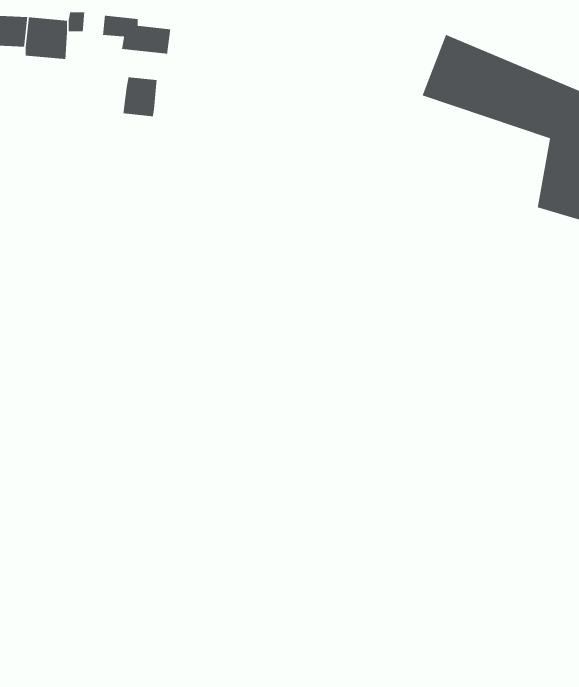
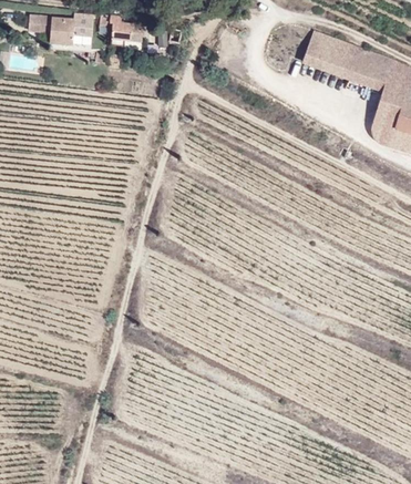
building: [122,76,158,117] -> none

